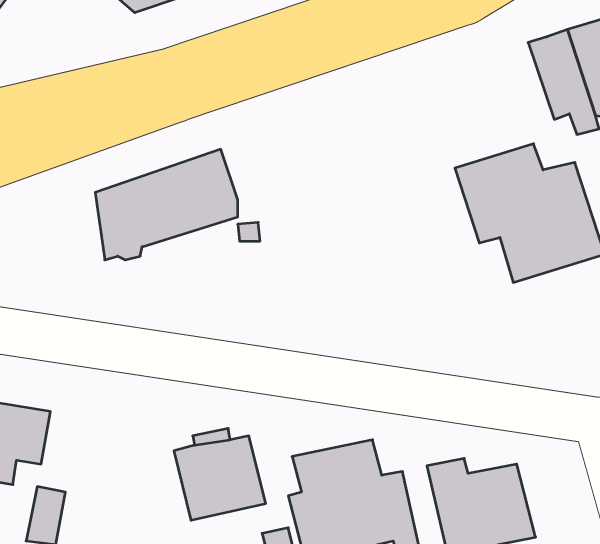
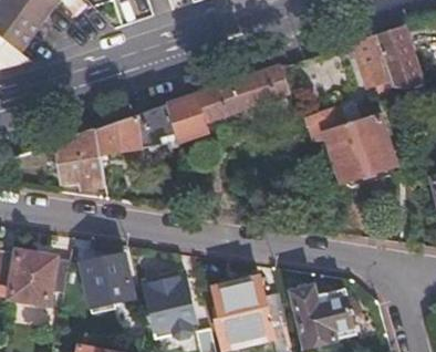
building: none -> [169,65,291,134]
building: none -> [59,130,103,189]
building: none -> [80,251,134,306]

